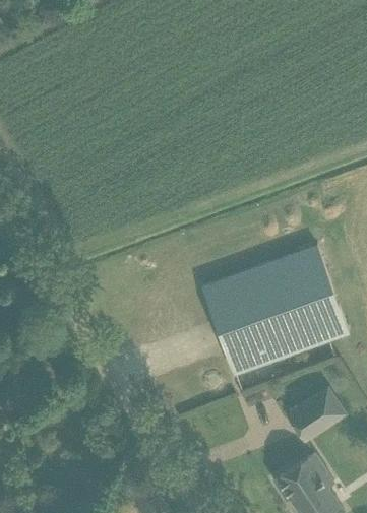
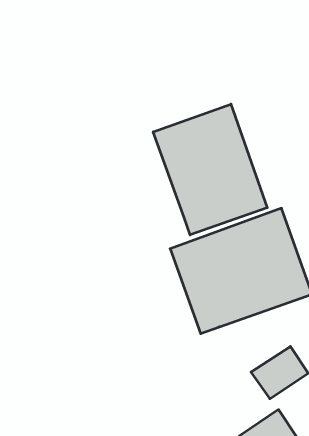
building: none -> [153,104,267,235]

